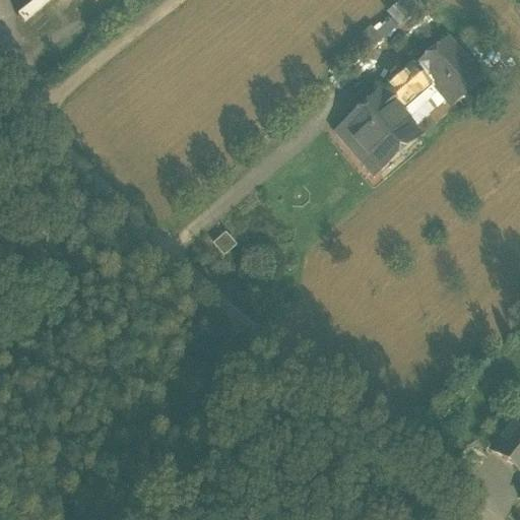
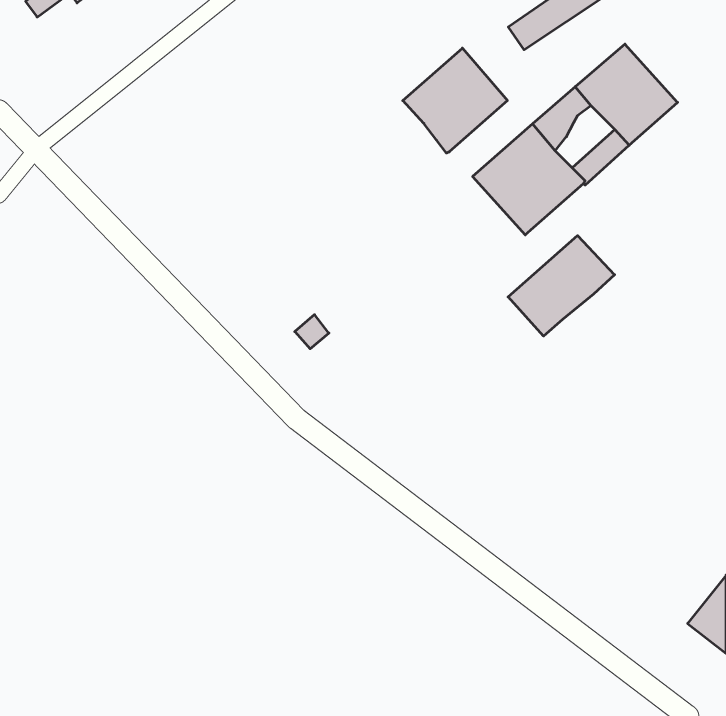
building: none -> [403,48,507,153]
building: none -> [508,236,615,336]

